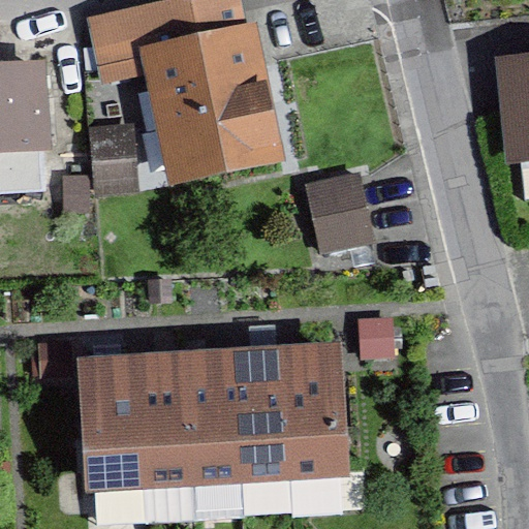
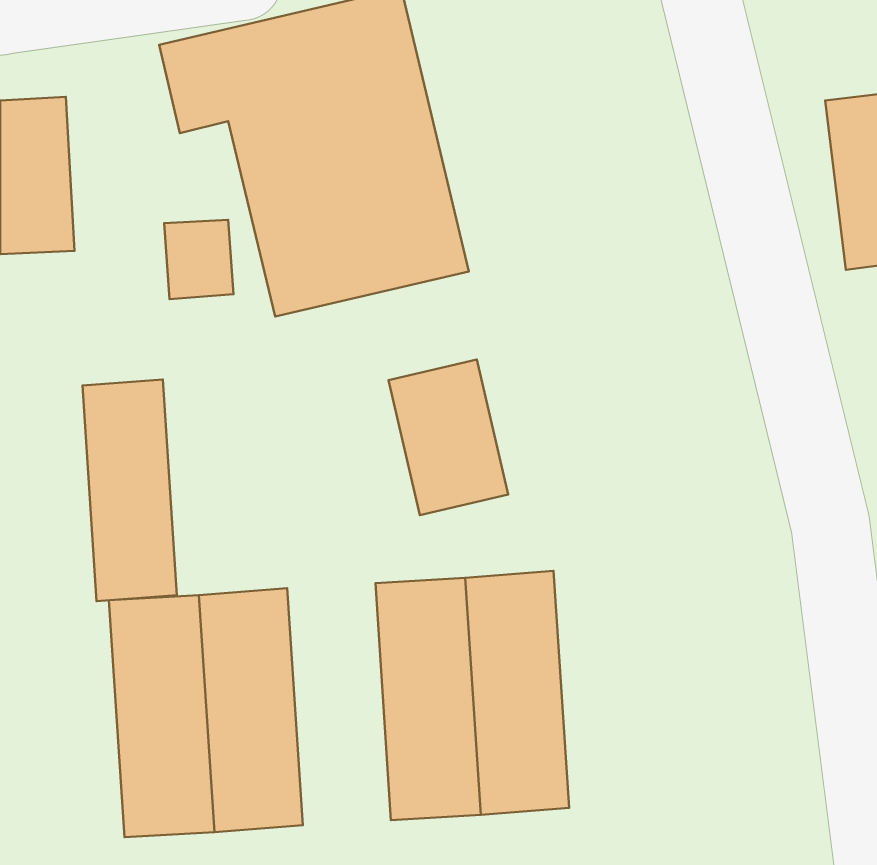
building: [305,165,376,258] -> [389,359,508,515]
building: none -> [82,380,177,601]
building: [176,348,238,493] -> none

